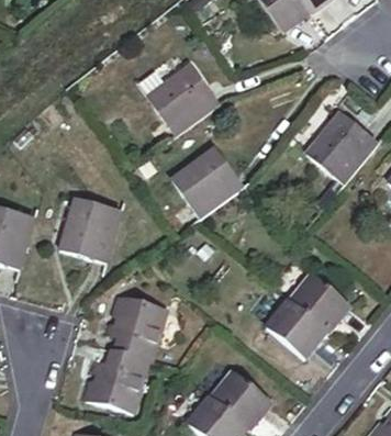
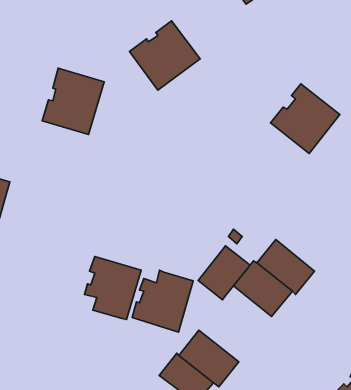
building: [181,135,254,208] -> none
building: [57,195,122,265] -> [42,68,104,134]
building: none -> [198,246,250,300]
building: [86,348,149,413] -> [132,270,193,332]

